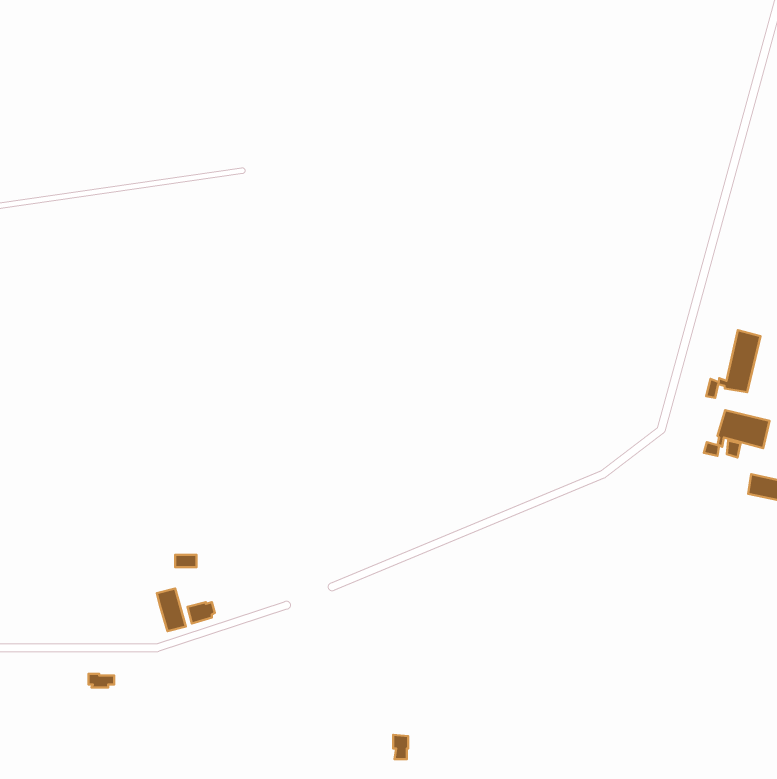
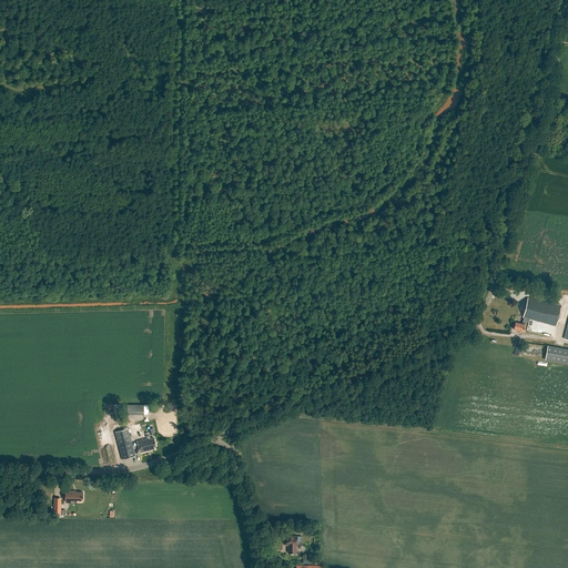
building: [706,330,760,398] -> none

